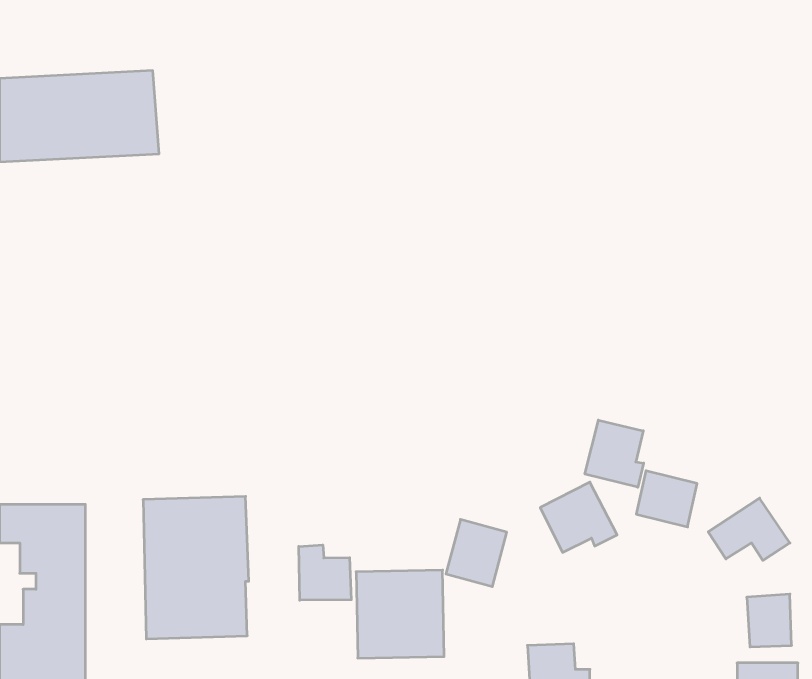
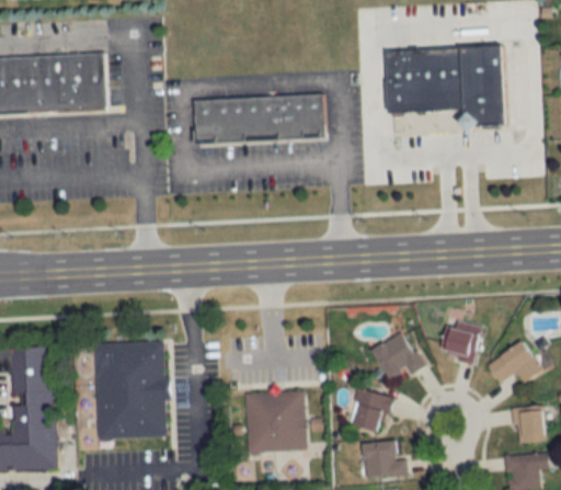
building: none -> [382,42,502,123]
building: none -> [192,92,322,145]
building: [585,420,644,487] -> none
building: [446,519,507,587] -> [346,388,388,434]
building: [299,545,351,600] -> none

